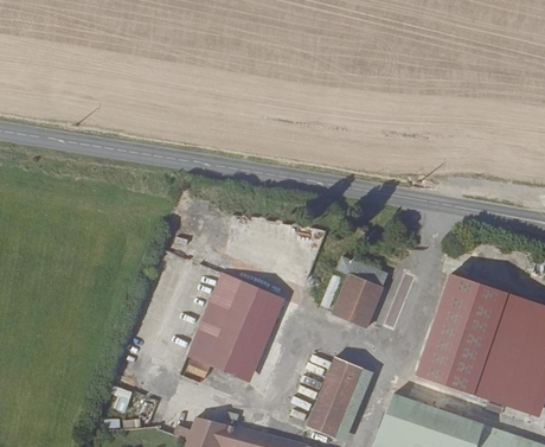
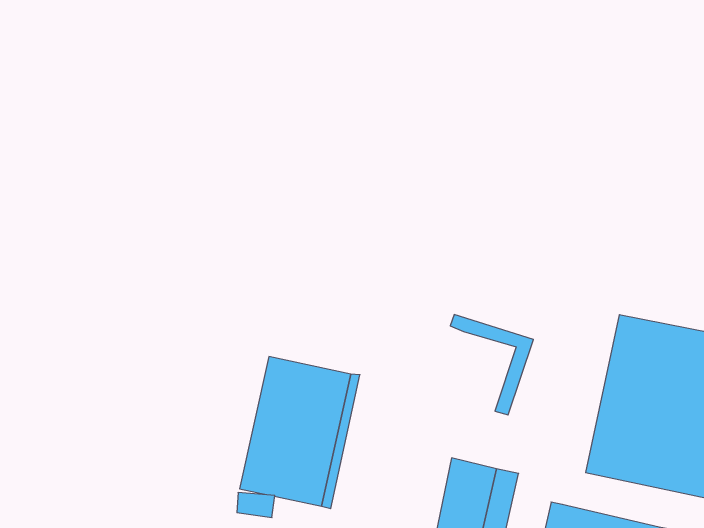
building: [327,273,380,327] -> none

